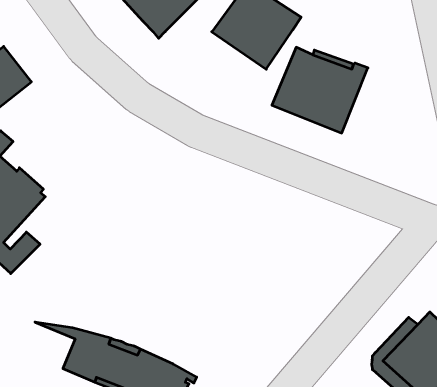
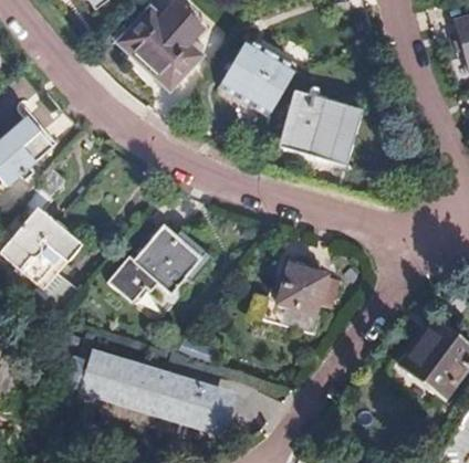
building: none -> [105,222,216,301]
building: none -> [262,265,325,338]
building: none -> [73,358,119,398]

